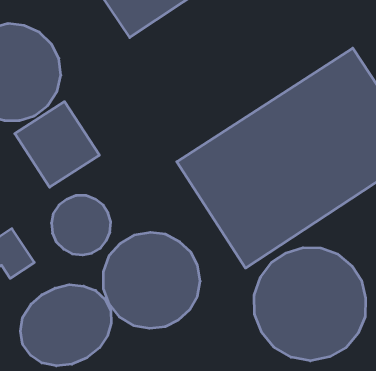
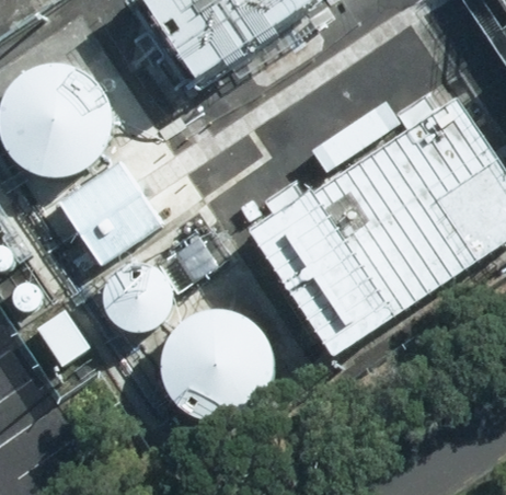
building: [254,248,366,361] -> none
building: [20,285,111,366] -> none

